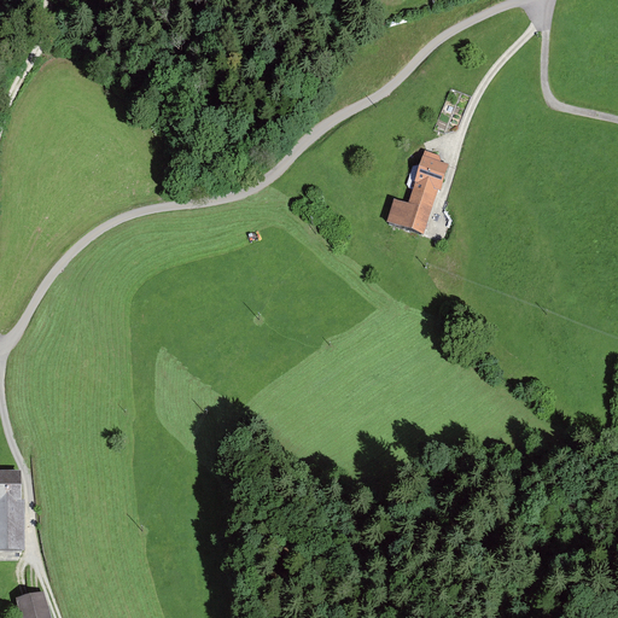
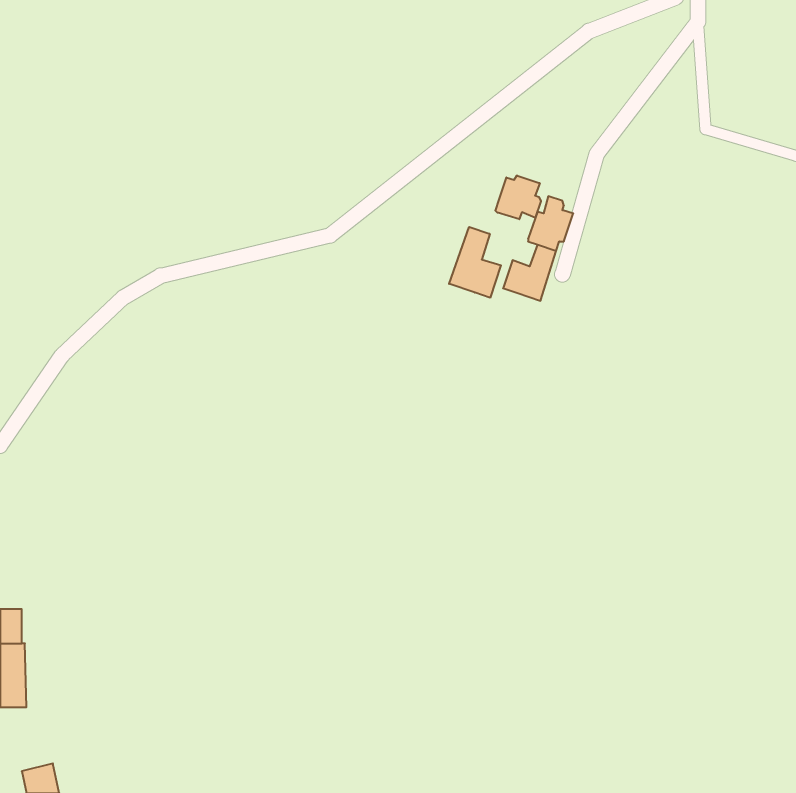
building: none -> [495,175,541,219]
building: none -> [449,227,501,298]

